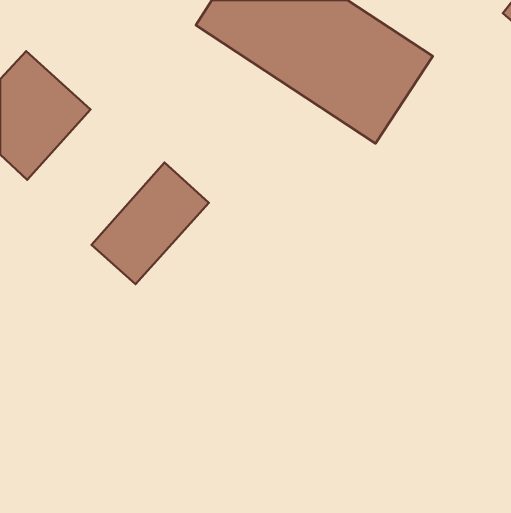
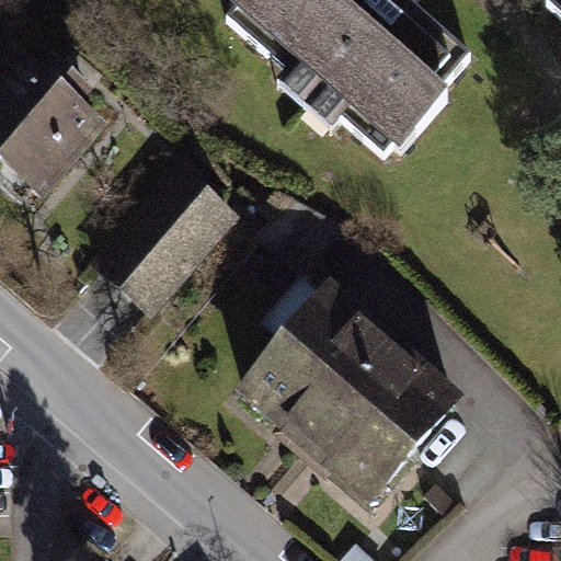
building: none -> [253,300,459,504]

